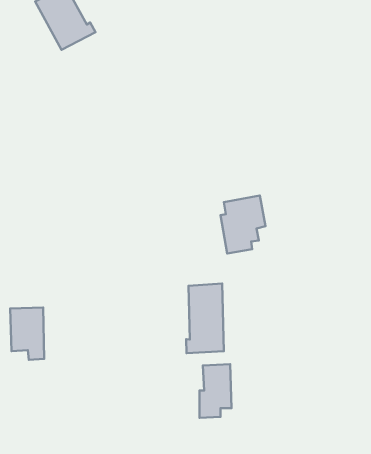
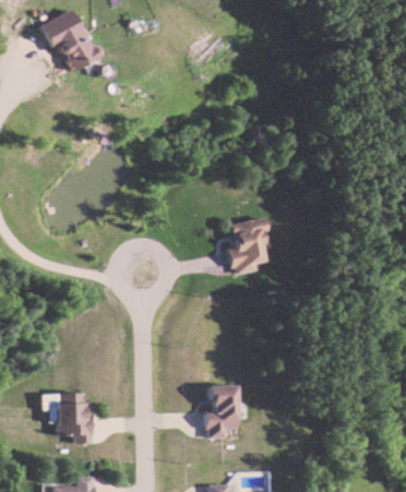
building: [186,284,224,353] -> none
building: [10,307,44,360] -> [56,392,89,444]

